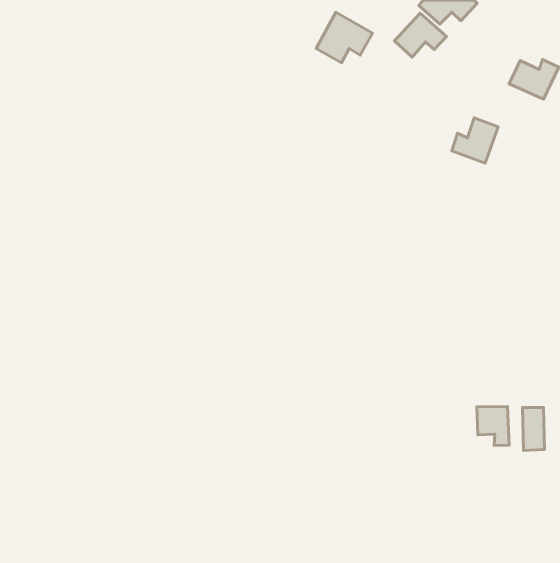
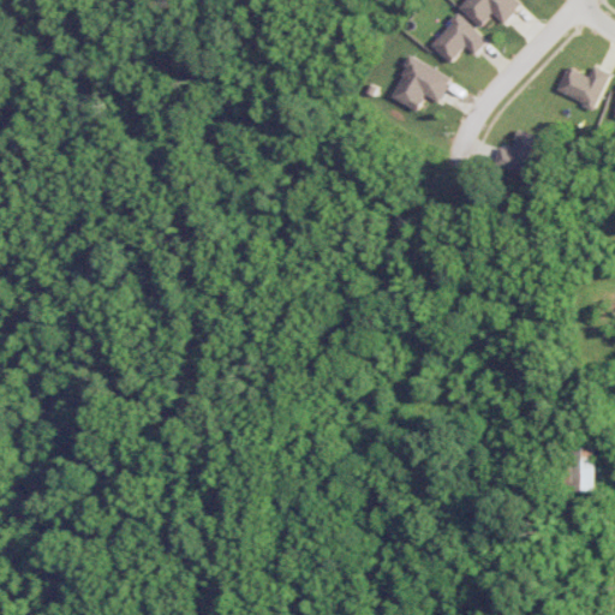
building: [316,12,372,63] -> [389,55,450,111]
building: [477,406,509,446] -> none

